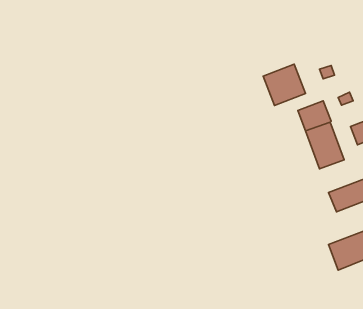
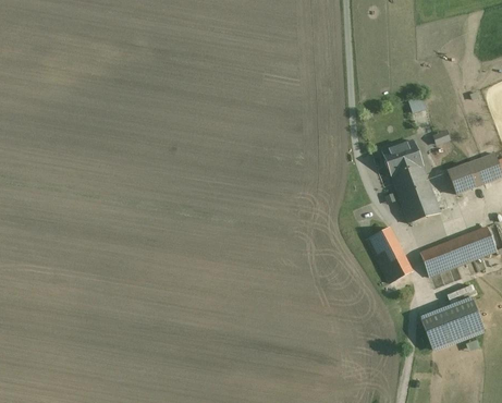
building: [263,64,305,106] -> none
building: none -> [367,225,412,281]

